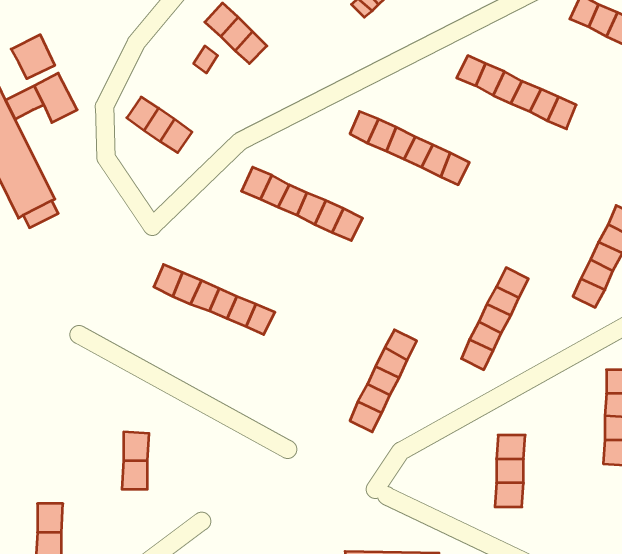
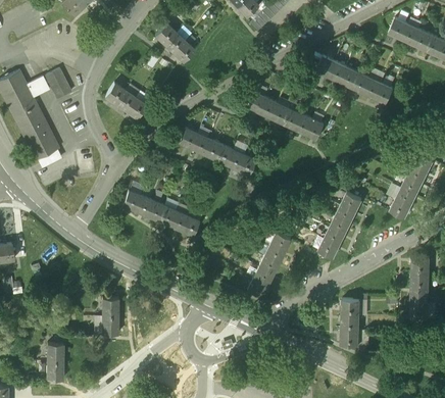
building: [11,35,55,79] -> none

